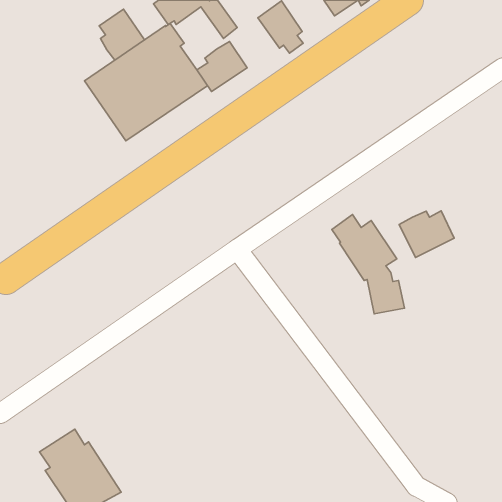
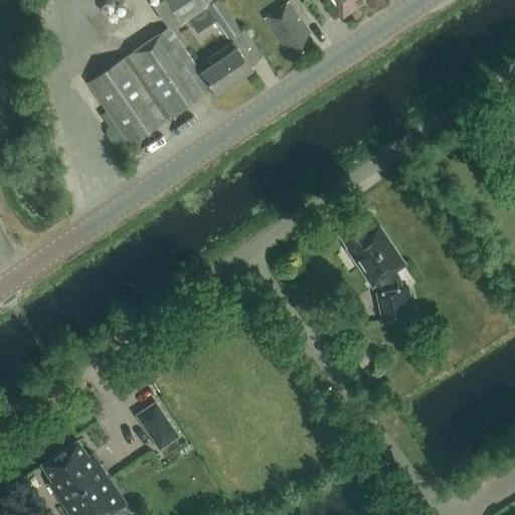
building: [99,9,144,60] -> none
building: [399,211,454,258] -> none
building: none -> [138,403,176,447]

